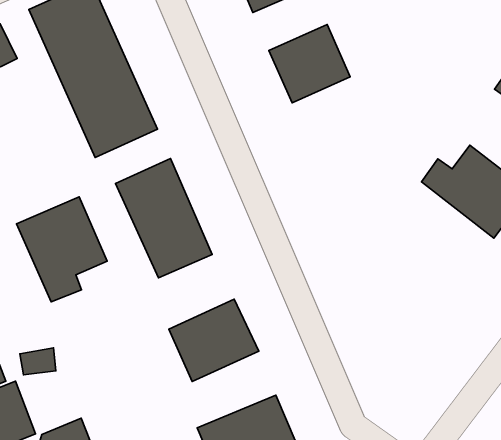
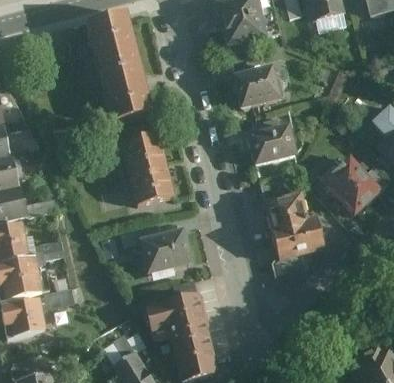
building: none -> [247,121,299,164]
building: [17,197,107,302] -> none
building: none -> [264,190,326,286]

